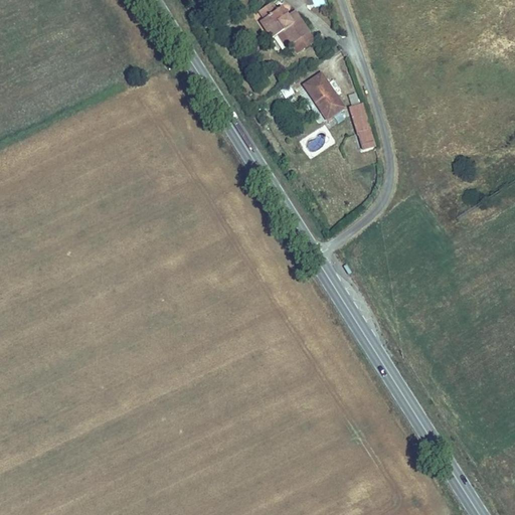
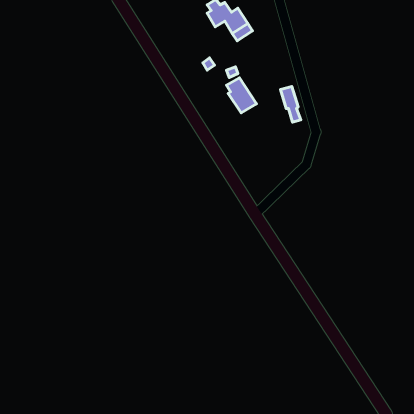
building: [307,75,344,119] -> [226,78,257,113]

